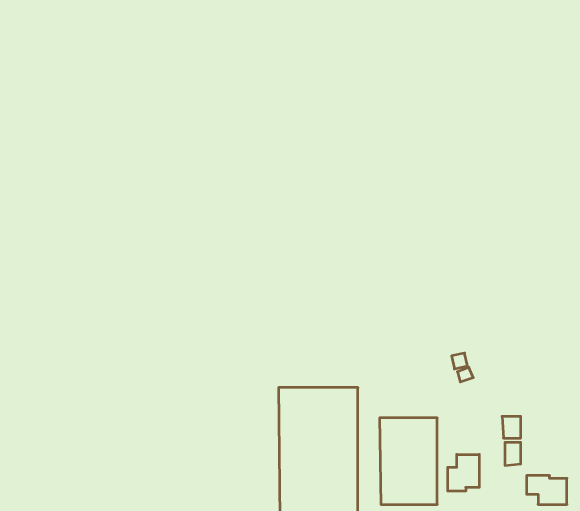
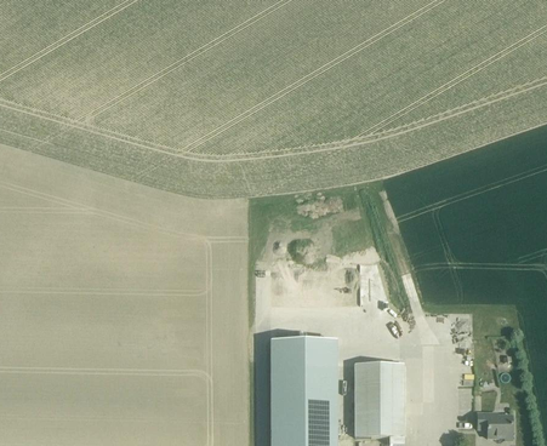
building: [448,454,479,491] -> none

